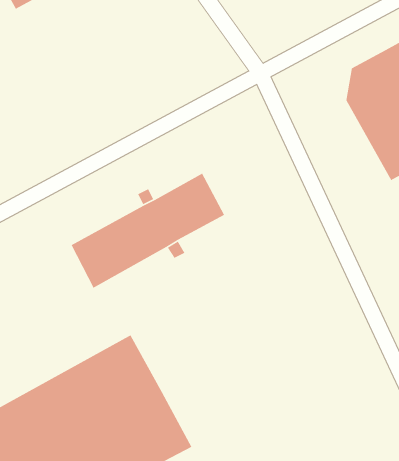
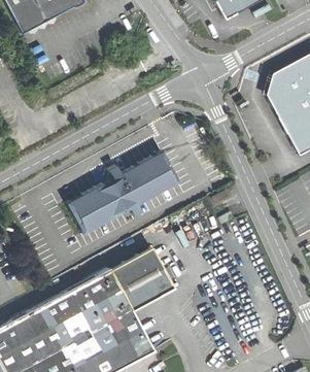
building: none -> [107,246,171,309]

